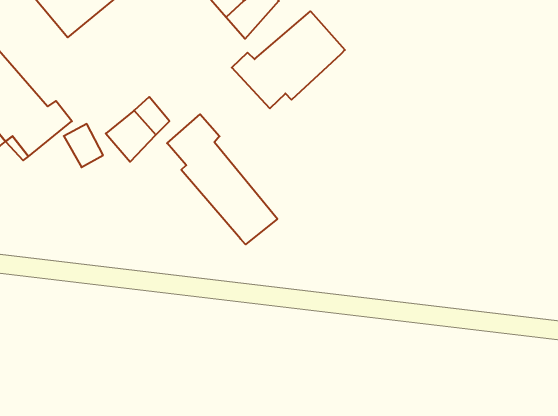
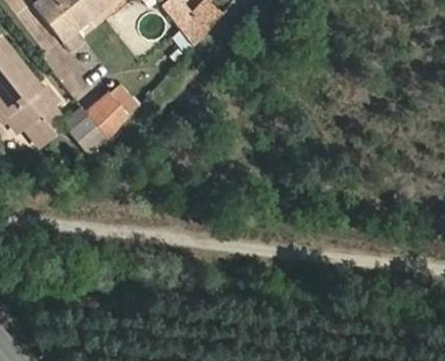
building: [232,11,345,108] -> none
building: [167,114,277,244] -> none

